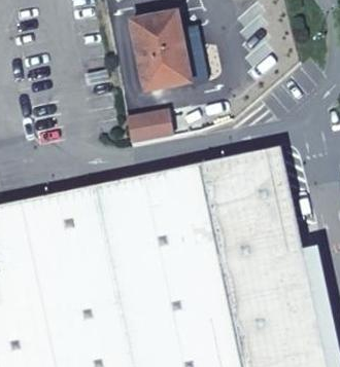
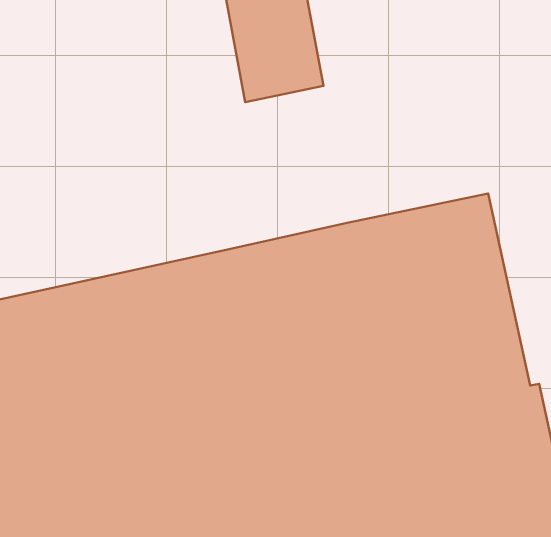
building: [126,108,172,144] -> none

